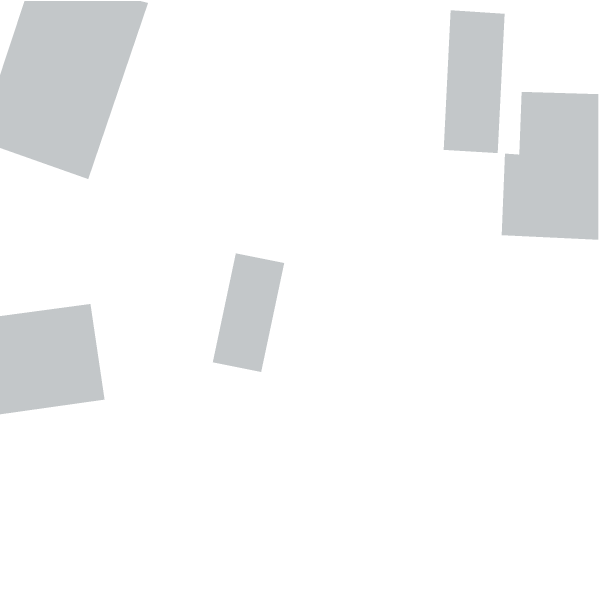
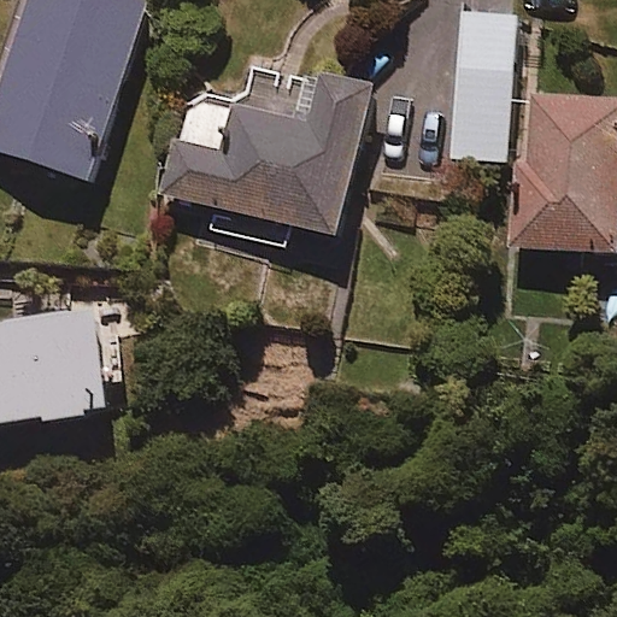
building: none -> [157,69,371,245]
building: [212,253,285,373] -> none

